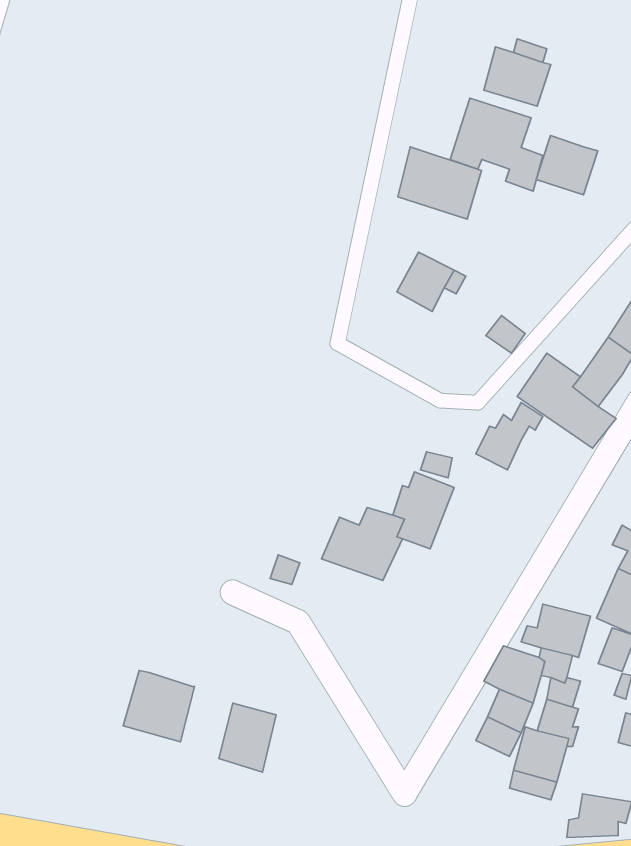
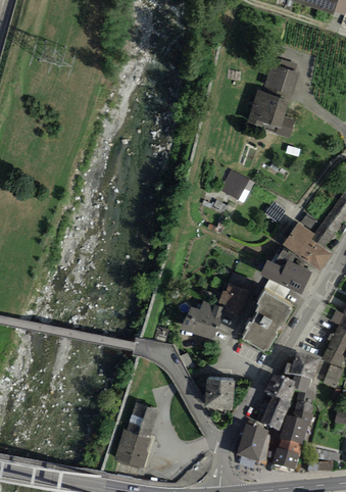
building: [536,136,598,195] -> none
building: [398,147,482,219] -> none
building: none -> [276,260,311,294]
building: none -> [242,292,290,351]
building: none -> [204,379,234,410]
building: [123,671,194,742] -> [113,431,150,468]
building: none -> [236,425,267,462]
building: none -> [271,447,298,471]

